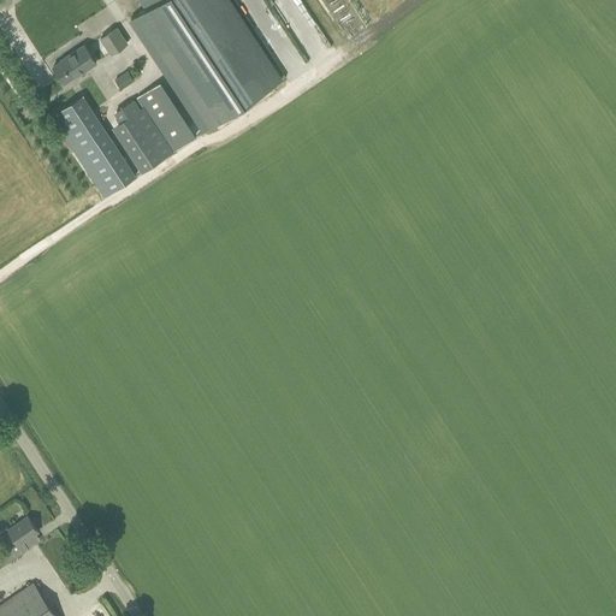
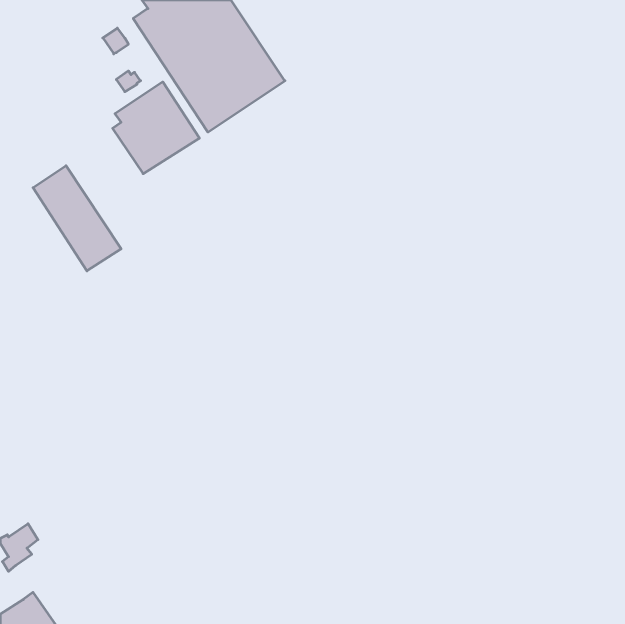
building: [53,46,96,83] -> none
building: [51,95,137,199] -> [33,166,121,271]

